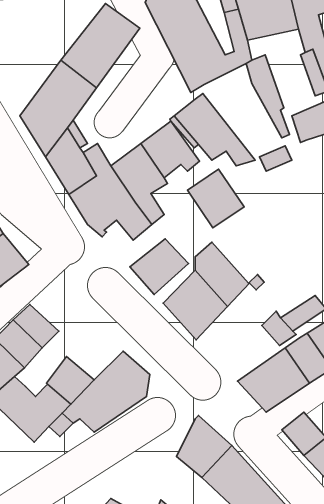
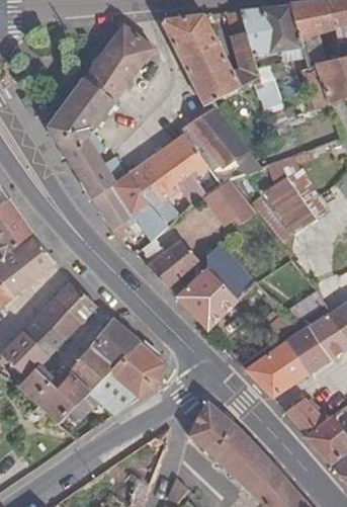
building: none -> [264,176,317,233]
building: none -> [56,282,98,323]
building: none -> [89,317,141,367]

